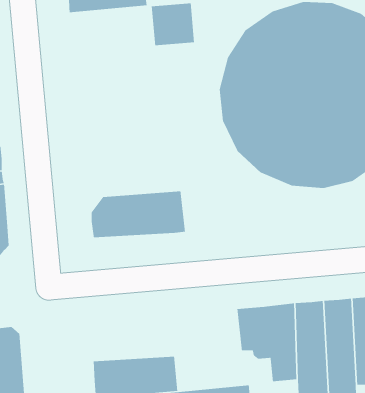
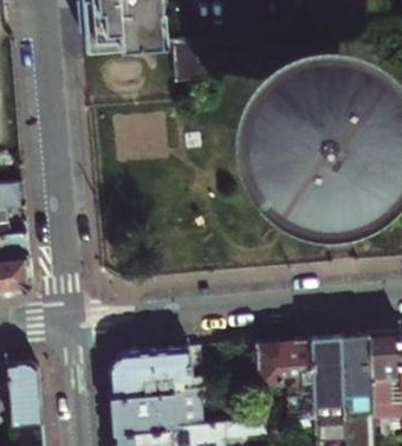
building: [91,191,186,238] -> [108,348,202,395]

